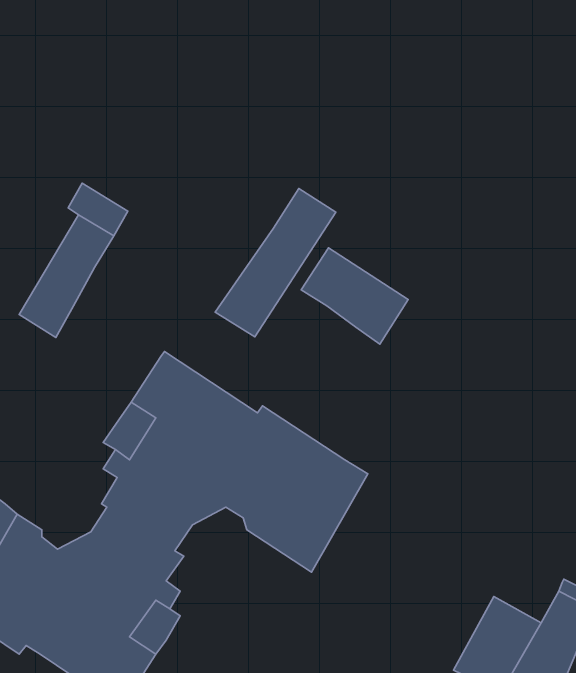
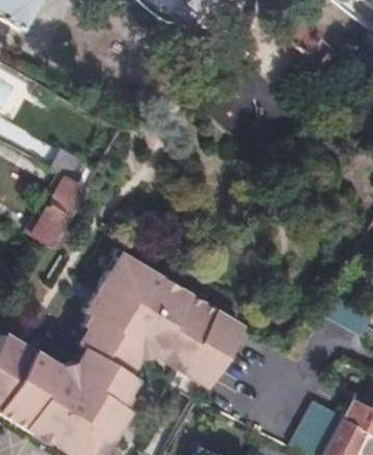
building: [215,188,336,337] -> none
building: [301,248,408,344] -> none

